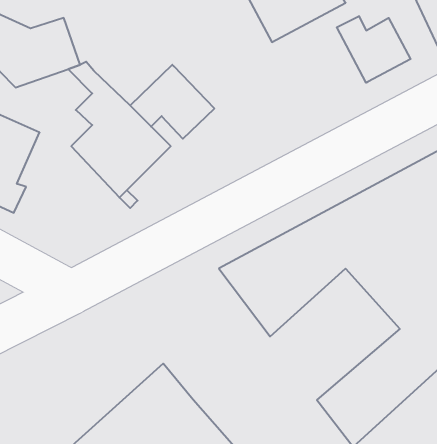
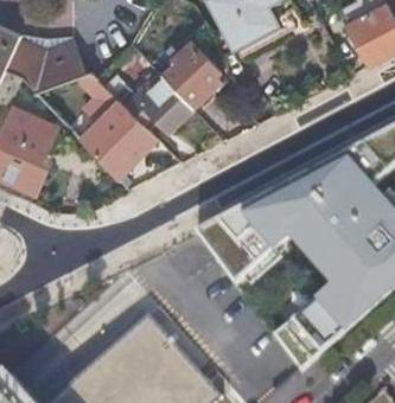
building: [337,16,411,83] -> none
building: none -> [159,40,221,108]

